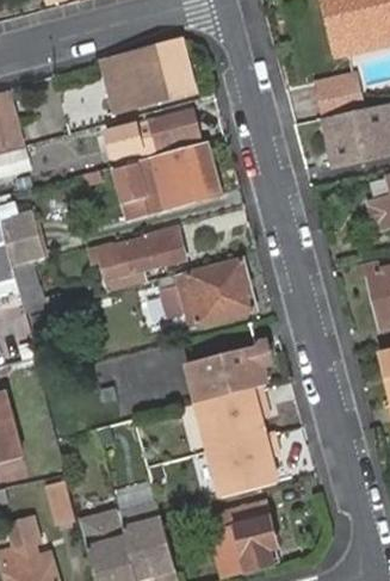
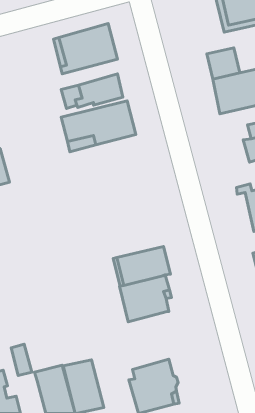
building: [98,235,184,289] -> none
building: [156,260,253,325] -> none
building: [206,433,276,496] -> none

